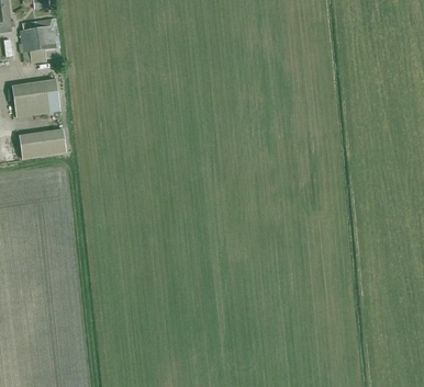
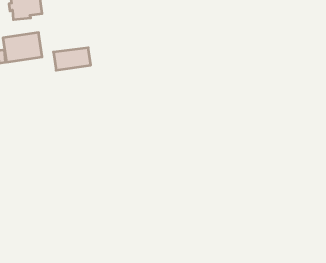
building: [19,129,66,158] -> [53,48,91,70]

